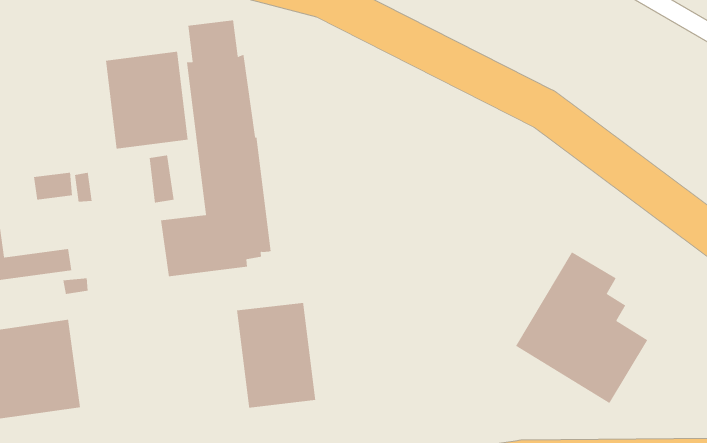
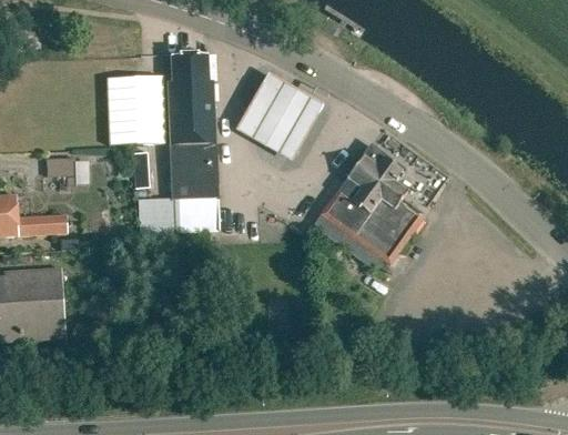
building: none -> [233,64,323,154]
building: [515,251,648,404] -> [321,146,422,264]
building: [237,302,316,408] -> none

